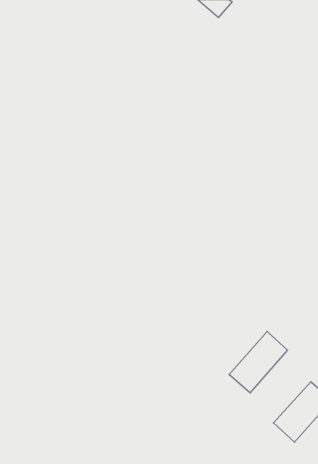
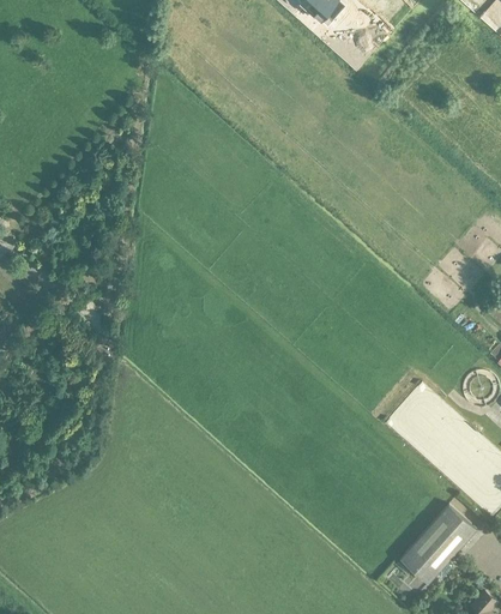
building: [229,332,287,393] -> none

